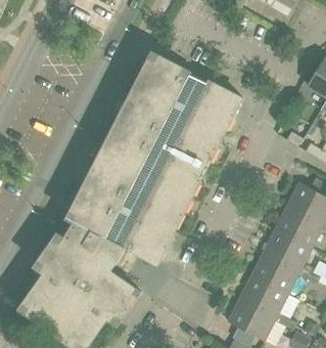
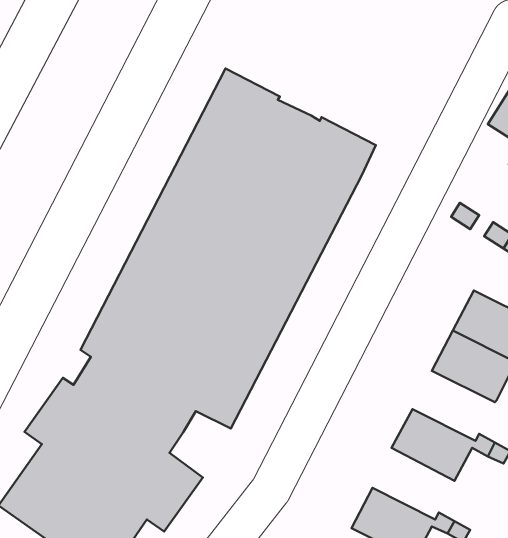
building: [263,229,311,270] -> none
building: [239,274,287,316] -> none

